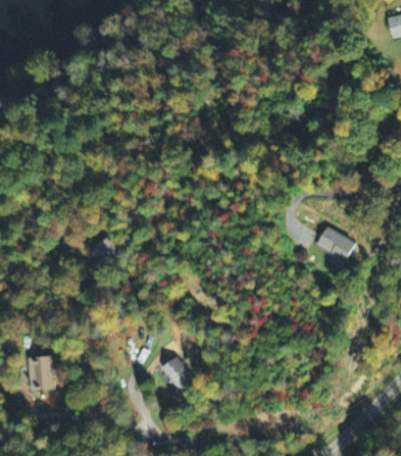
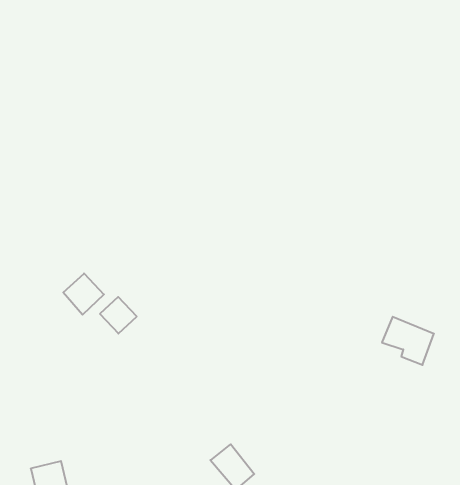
building: none -> [63,273,104,315]
building: [316,223,356,262] -> [382,317,434,365]

